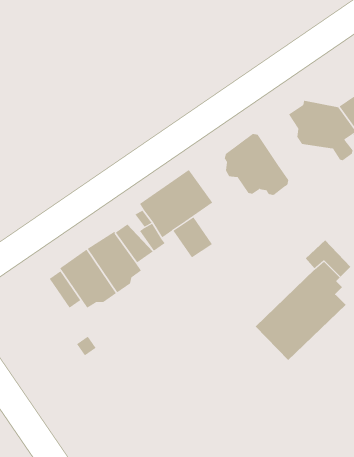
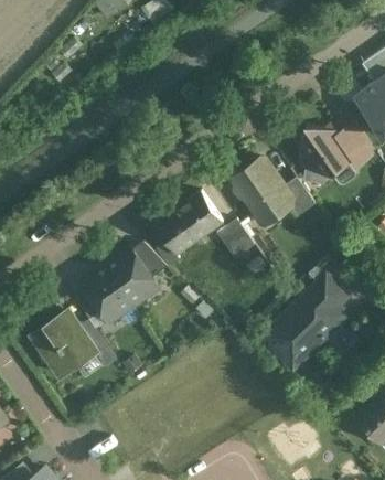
building: none -> [285,178,316,217]
building: [172,217,213,258] -> [217,220,255,258]
building: none -> [34,310,96,375]

